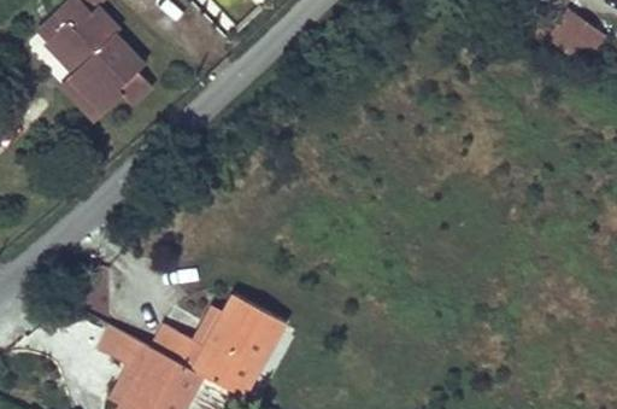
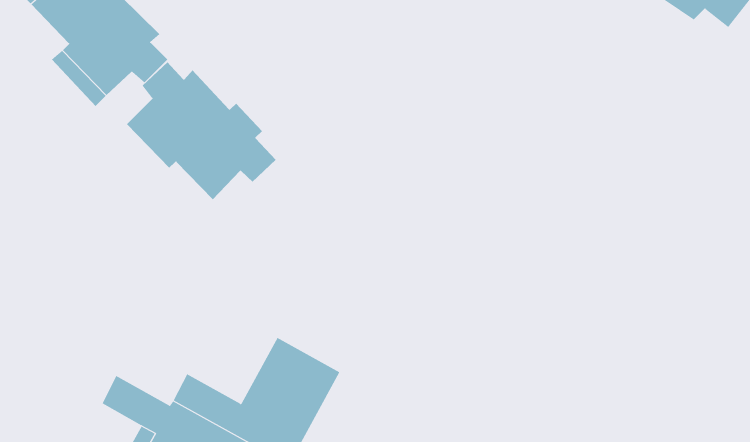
building: none -> [126,62,277,200]

